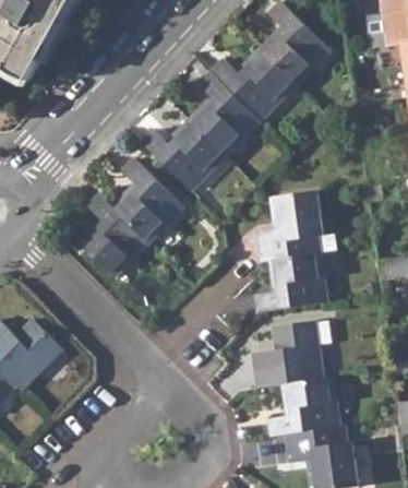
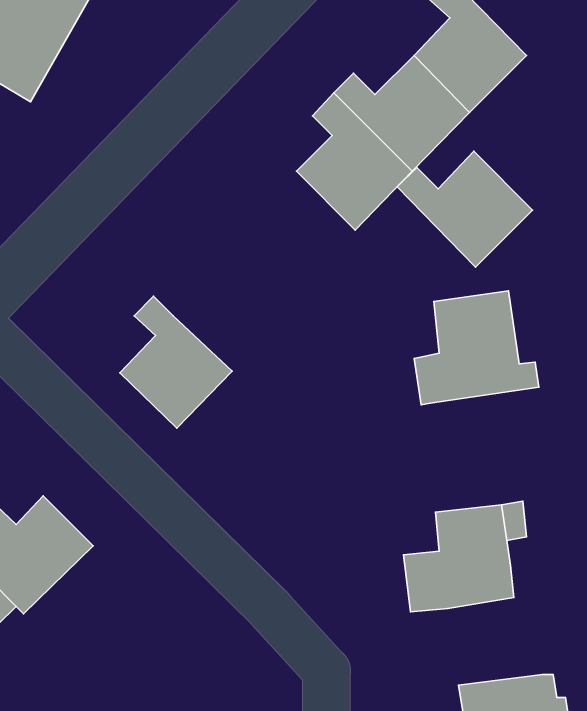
building: [141,119,224,190] -> [397,151,533,267]
building: [112,160,182,241] -> none
building: [257,253,327,311] -> none
building: [269,379,338,436] -> none

